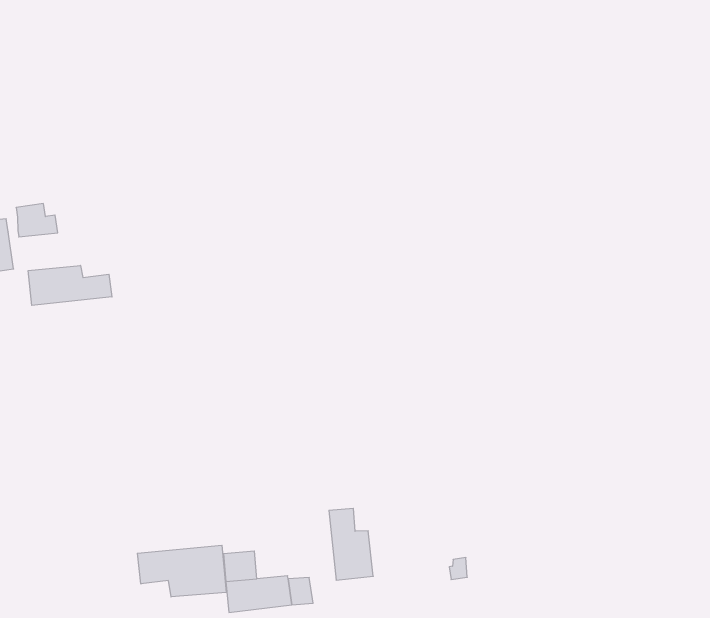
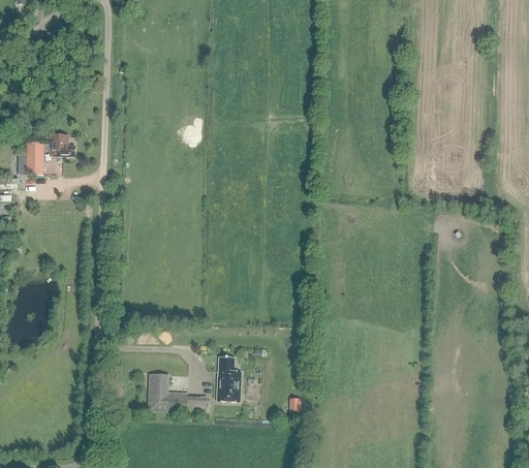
building: [28,265,112,305] -> none
building: [137,545,226,597] -> none

